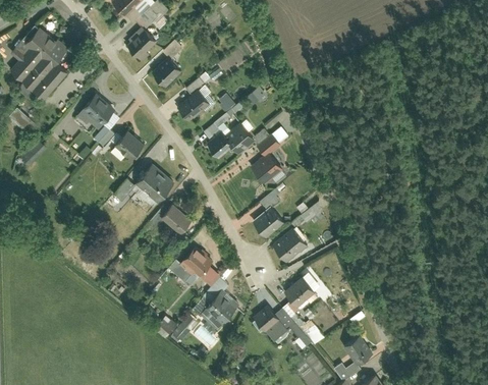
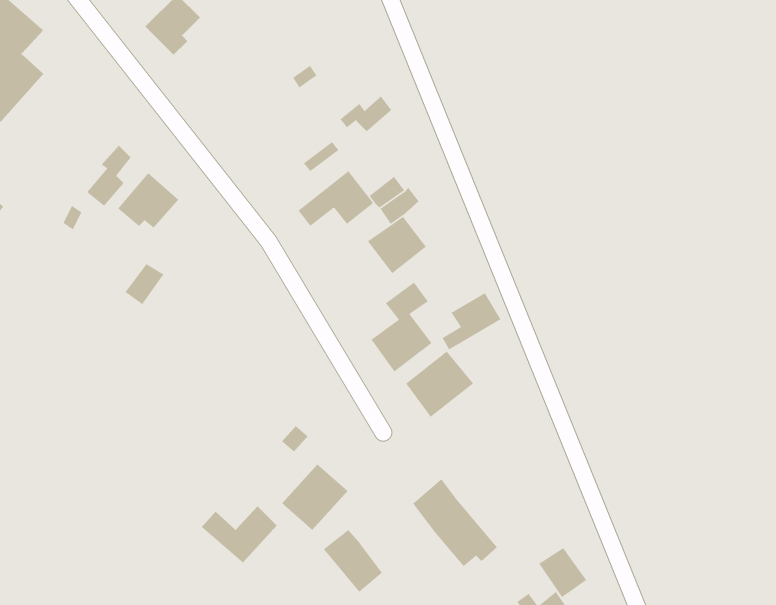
building: [152,57,180,86] -> none
building: [176,89,211,121] -> none
building: [77,95,113,129] -> none
building: [134,163,173,201] -> none
building: [147,204,192,235] -> none
building: [168,246,214,283] -> none
building: [284,277,318,312] -> none
building: [254,306,287,341] -> [323,529,383,593]

